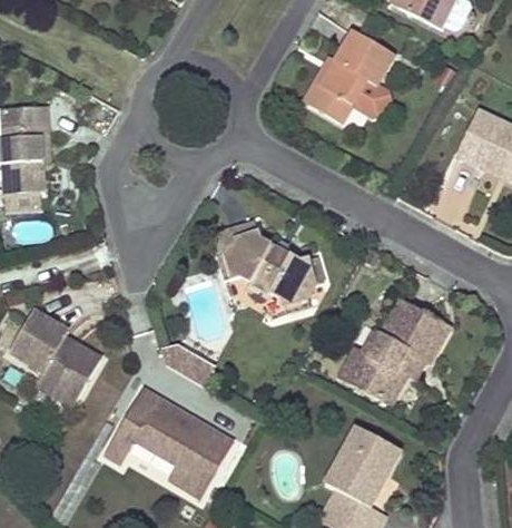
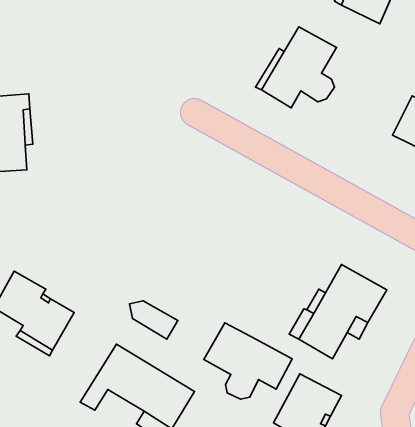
building: [217,223,319,312] -> none
building: none -> [204,323,292,399]

